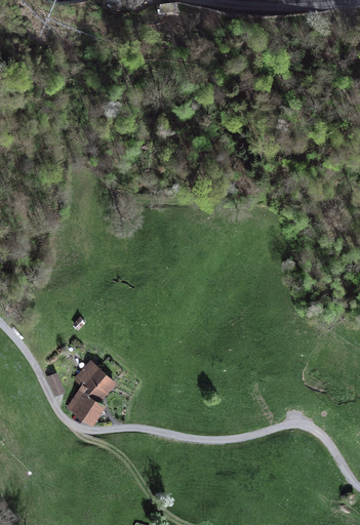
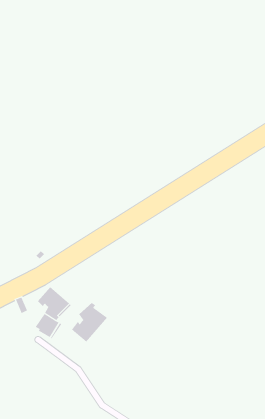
building: none -> [71,302,108,342]

